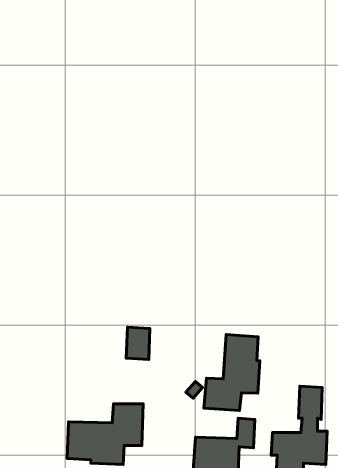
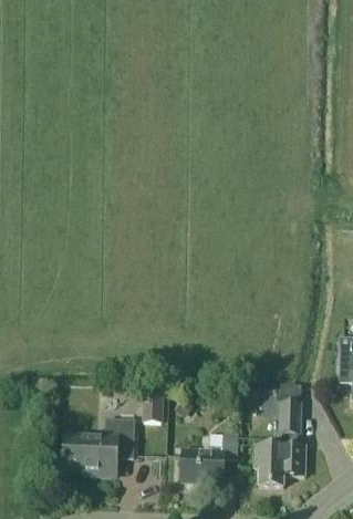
building: [126,327,150,359] -> [142,391,164,421]
building: [204,335,260,411] -> none

